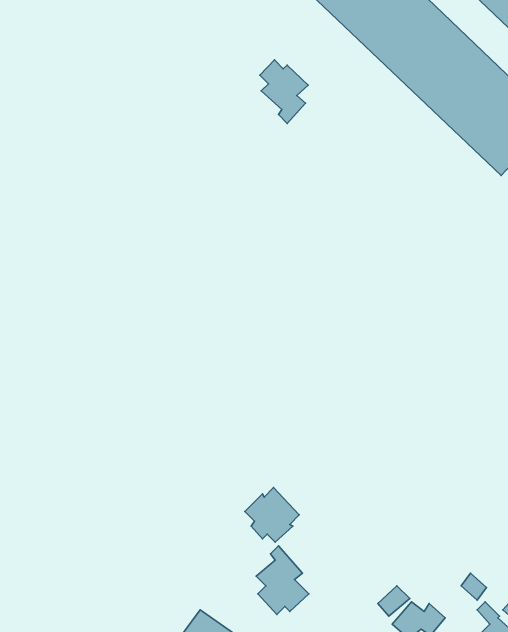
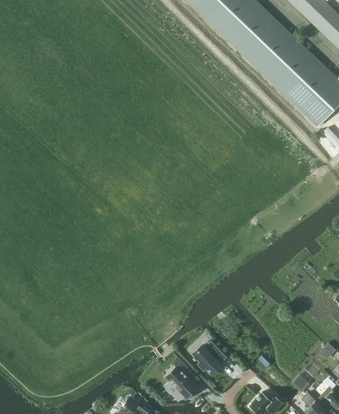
building: [260,60,308,123] -> none
building: [245,488,299,542] -> [193,341,227,375]

